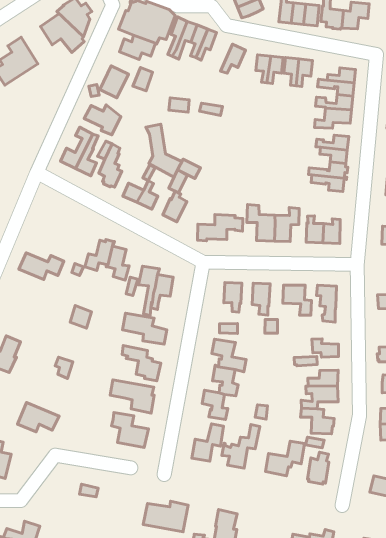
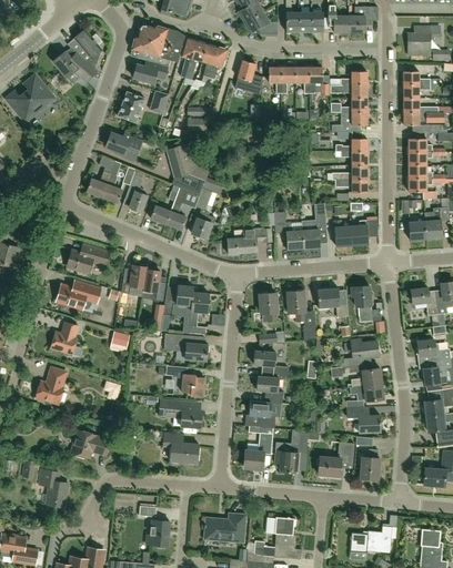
building: none -> [67,243,109,272]
building: none -> [51,322,78,354]
building: none -> [150,519,170,546]

